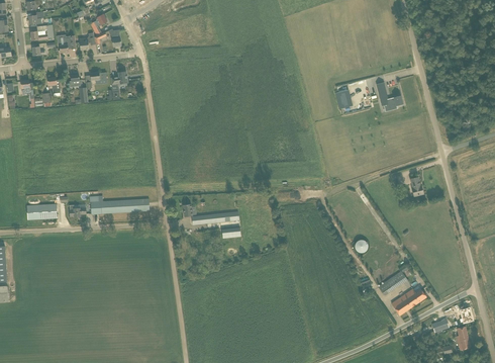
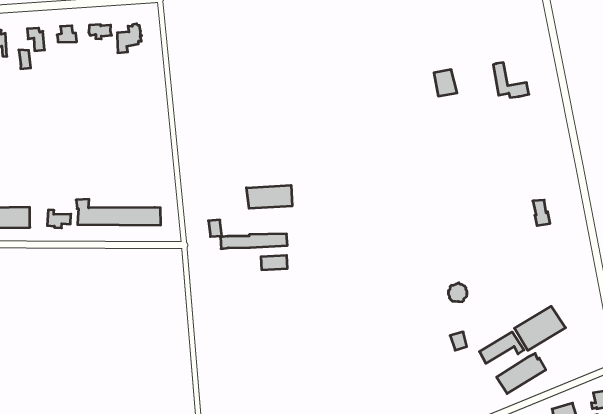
building: none -> [246,185,292,208]
building: none -> [514,306,566,350]

